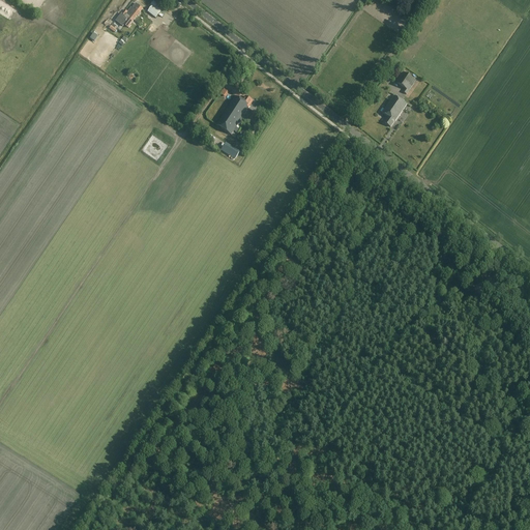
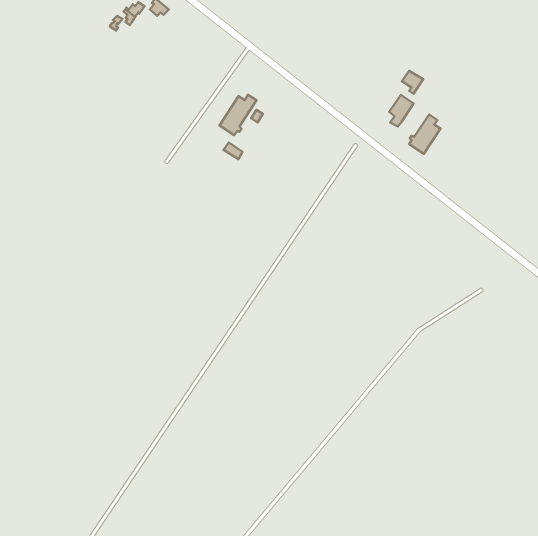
building: none -> [409,114,441,154]

